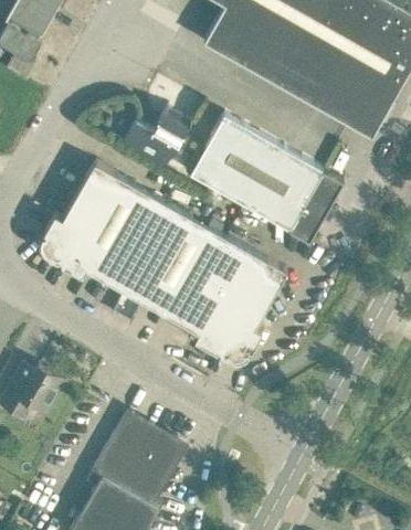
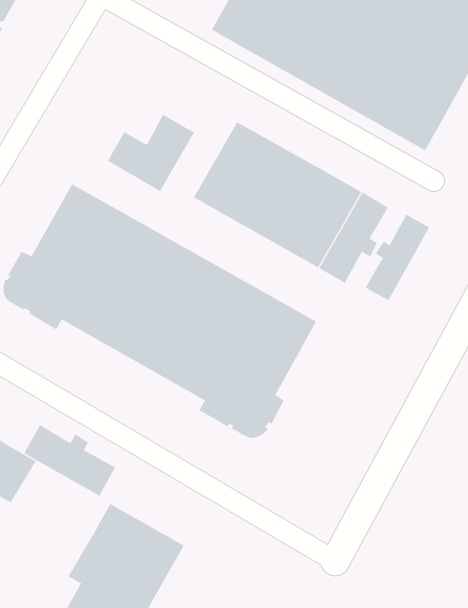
building: none -> [365,214,430,301]
building: none -> [23,424,116,496]

